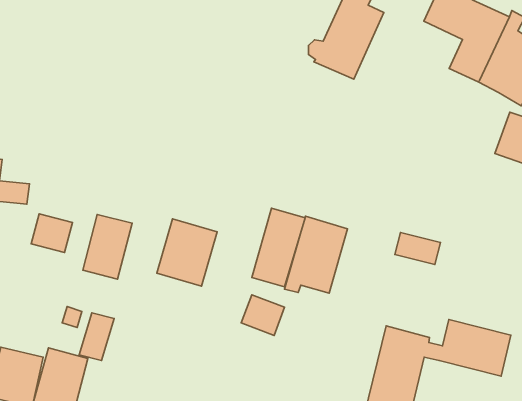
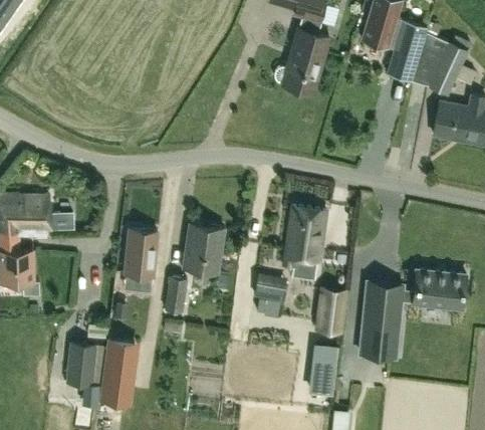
building: [252,208,305,287] -> none
building: [31,214,72,252] -> none
building: [395,233,440,264] -> none
building: [79,313,114,360] -> [165,277,188,313]
building: none -> [315,288,348,335]

